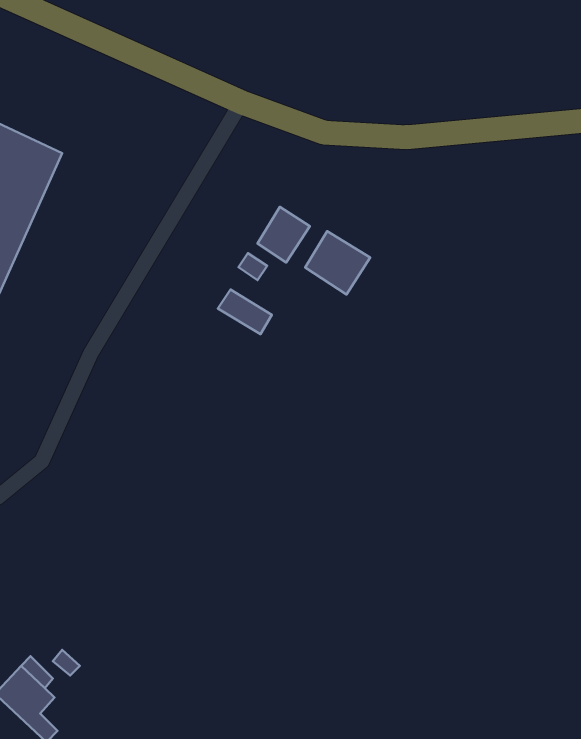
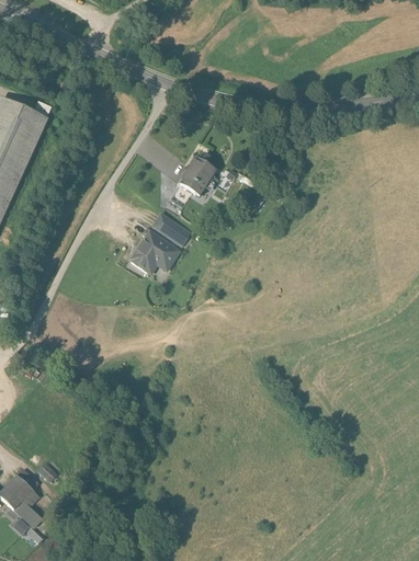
building: [305,231,370,295] -> none
building: none -> [129,230,180,274]

